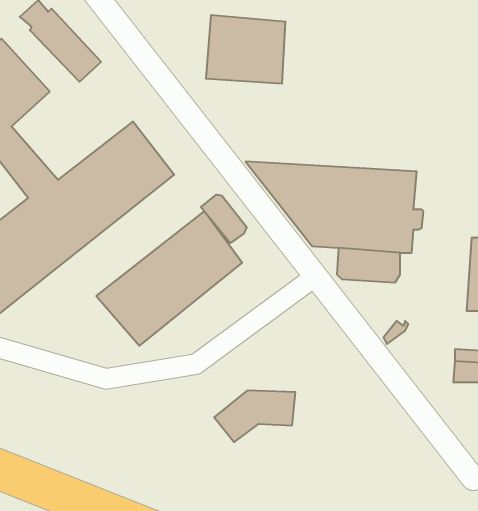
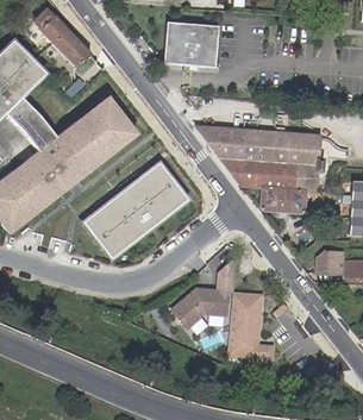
building: [201,195,247,243] -> none
building: none -> [317,249,338,274]
building: none -> [227,292,273,358]

